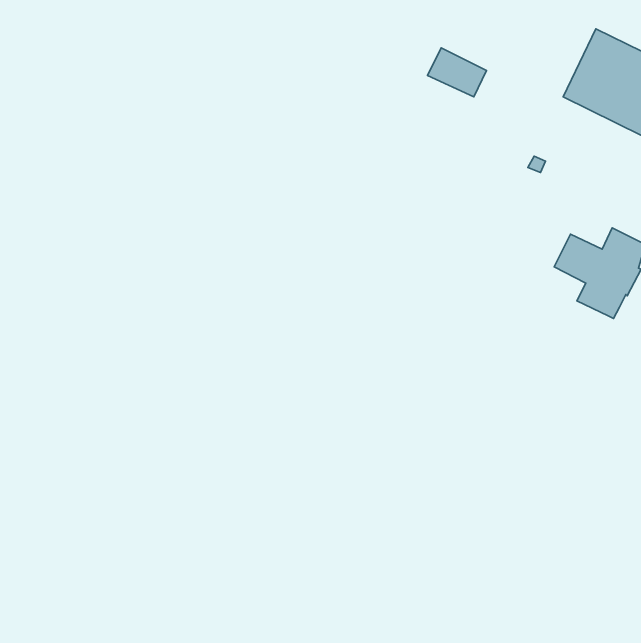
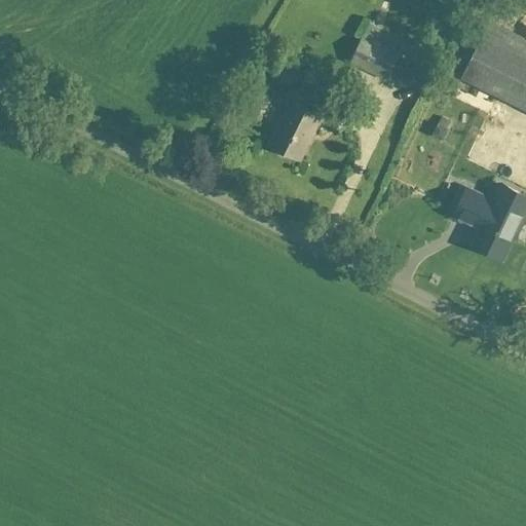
building: none -> [269,86,322,161]

